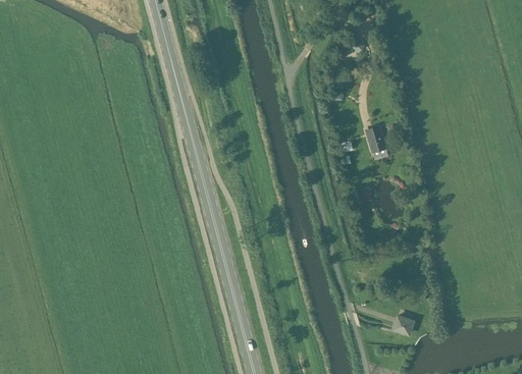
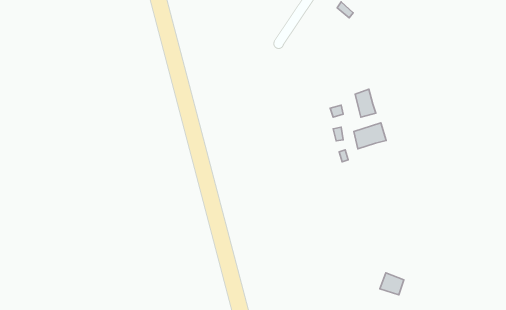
building: none -> [354,123,386,149]

